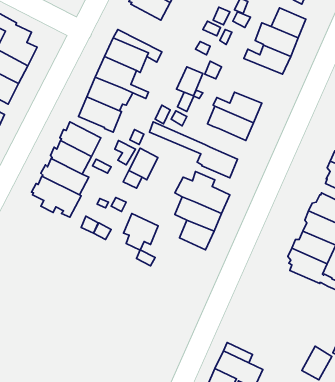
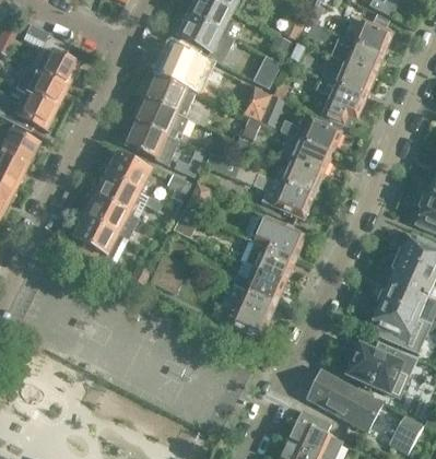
building: none -> [174,14,222,55]
building: none -> [315,78,364,128]
building: none -> [273,157,321,196]
building: [123,214,158,250] -> [234,287,274,330]
building: none -> [344,340,415,397]
building: none -> [305,368,381,429]

